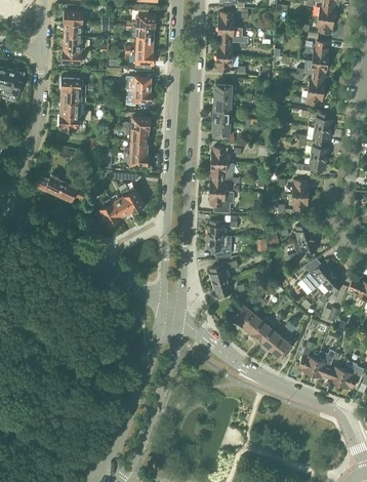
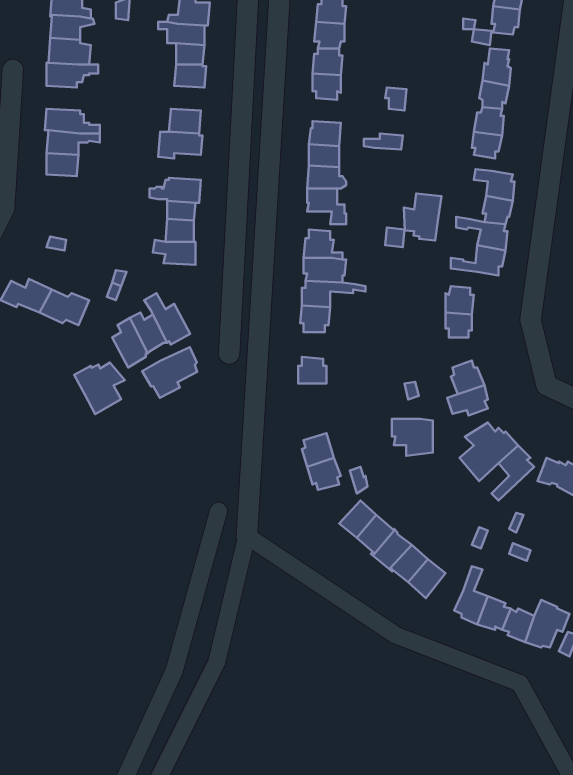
building: [58,114,92,130] -> none
building: none -> [404,194,441,241]
building: none -> [142,347,197,398]
building: none -> [74,363,125,414]
building: [207,235,231,256] -> [392,419,433,456]

